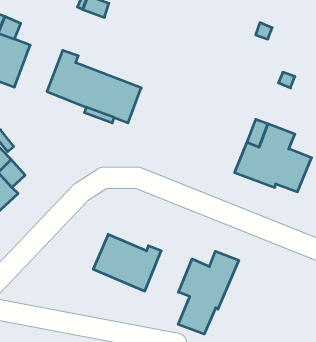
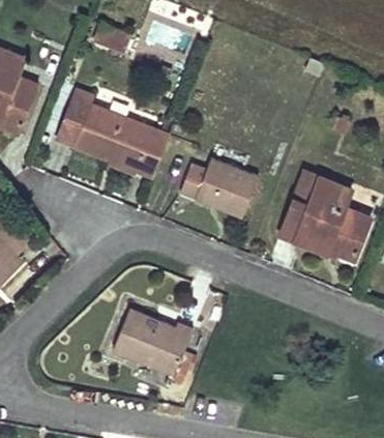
building: none -> [179,153,258,217]
building: [178,251,239,334] -> none

